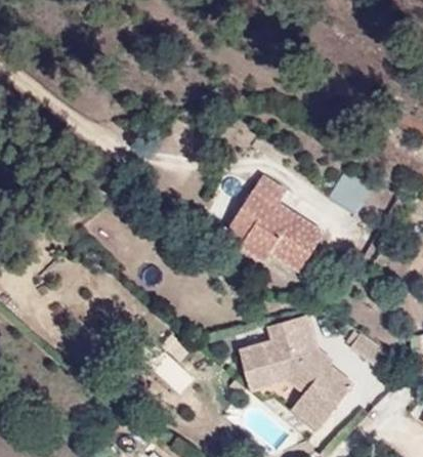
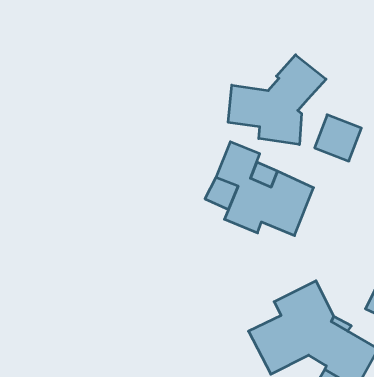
building: none -> [228,55,326,145]

